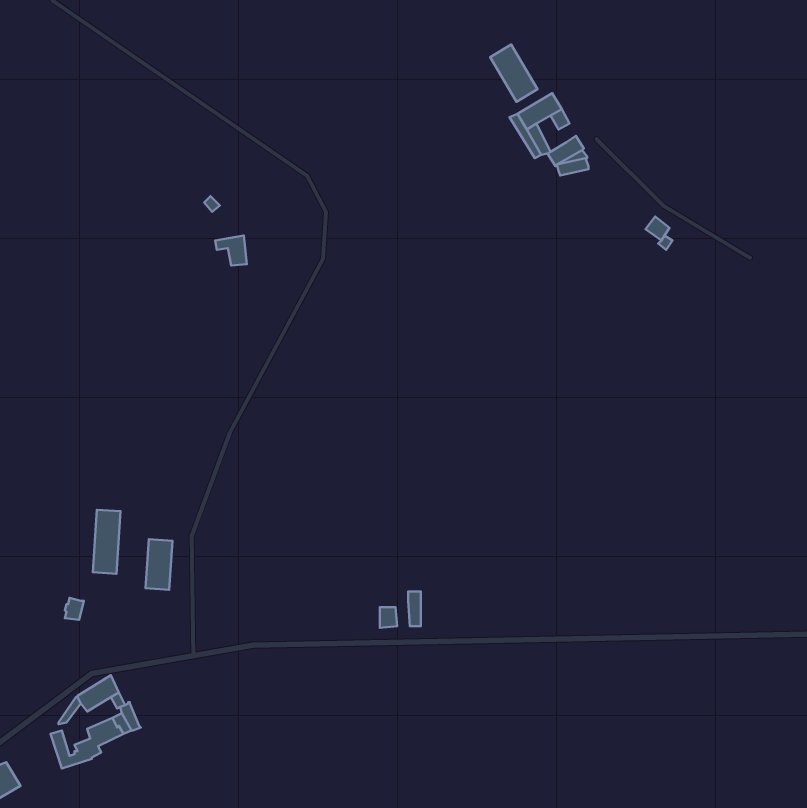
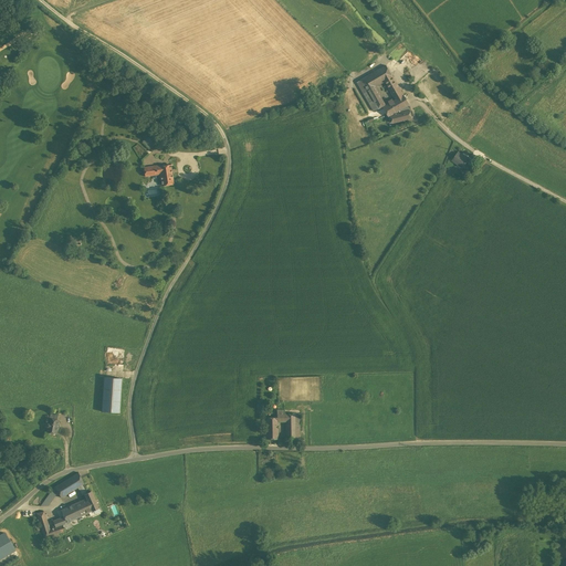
building: [490,45,537,102] -> none
building: [93,510,120,574] -> none

